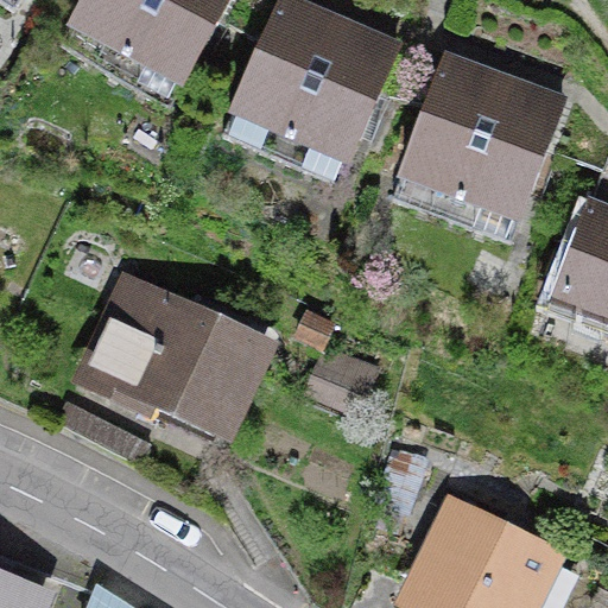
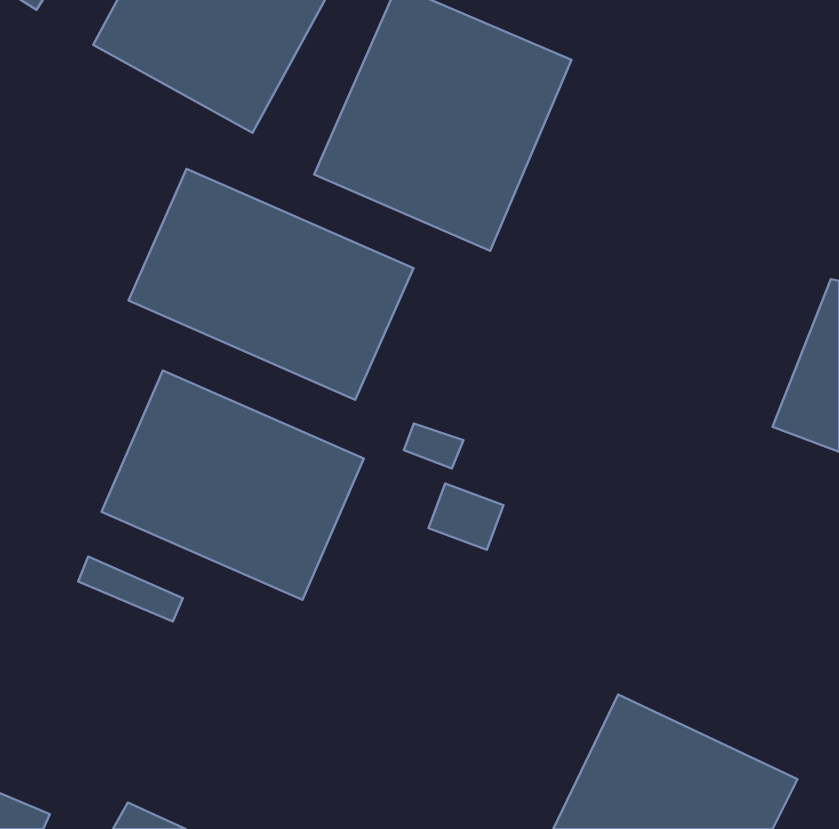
building: [391,56,571,246] -> none
building: none -> [128,169,413,400]

